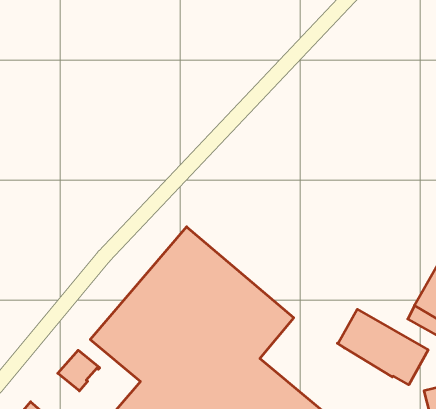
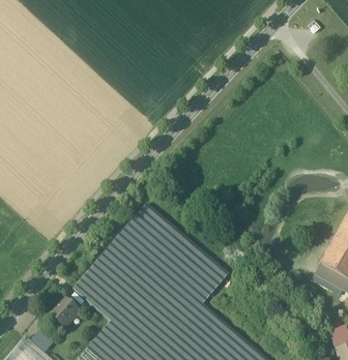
building: [337,309,428,385] -> none

